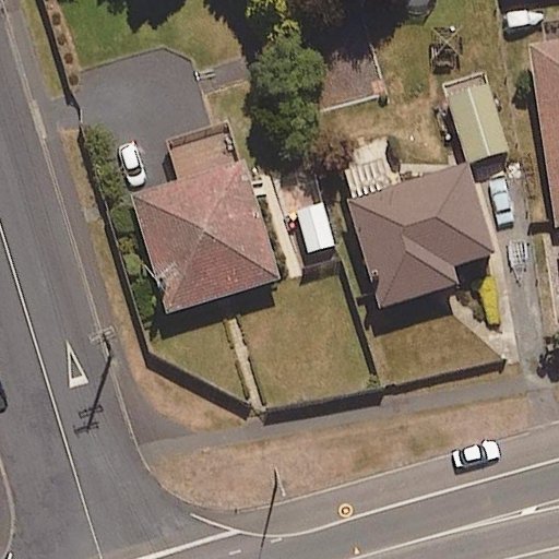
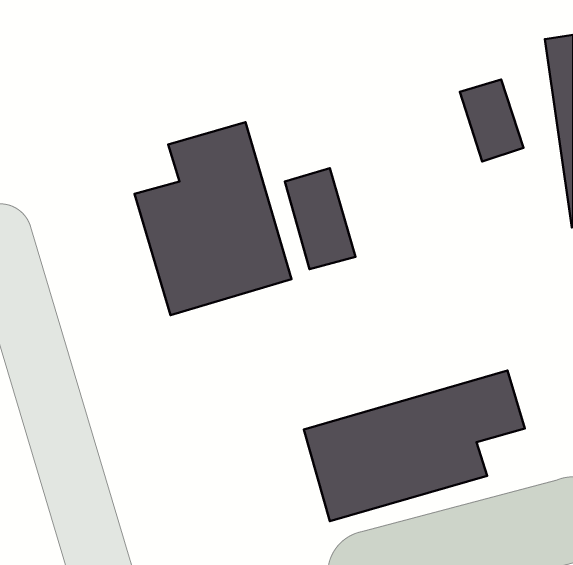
building: [336,139,493,306] -> none
building: none -> [304,370,525,521]

